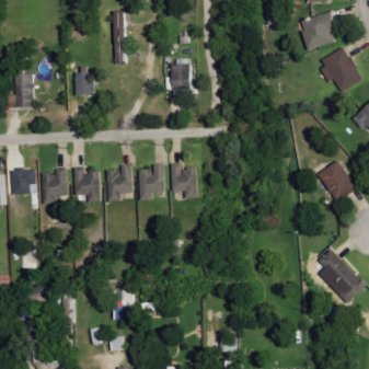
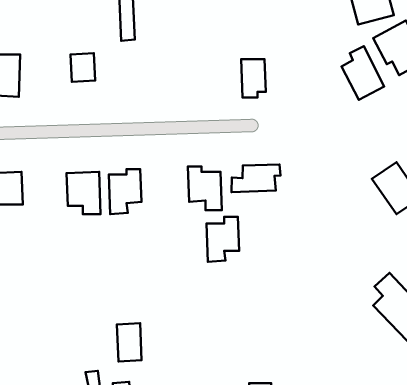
building: [171,64,191,94] -> [241,59,266,97]
building: none -> [341,46,384,100]
building: none -> [232,164,281,192]
building: [137,164,163,200] -> [206,217,239,262]
building: [39,168,65,203] -> none

